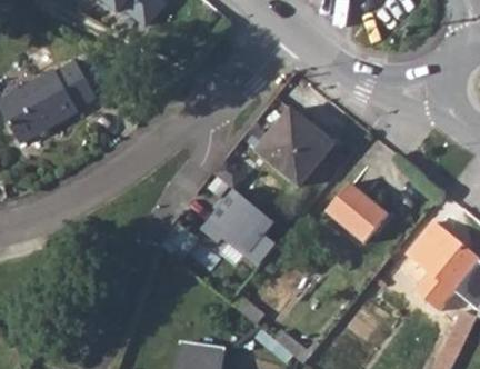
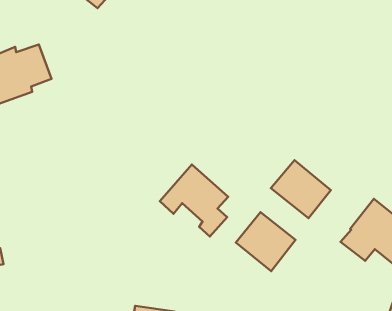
building: [263,112,333,183] -> none
building: none -> [236,212,295,271]

